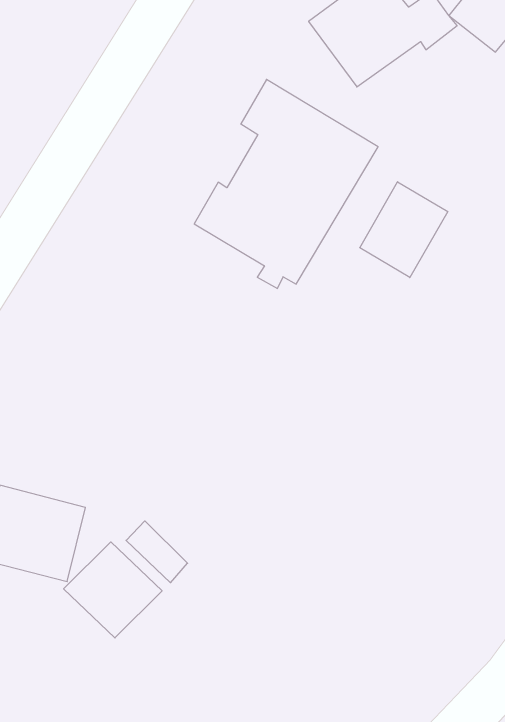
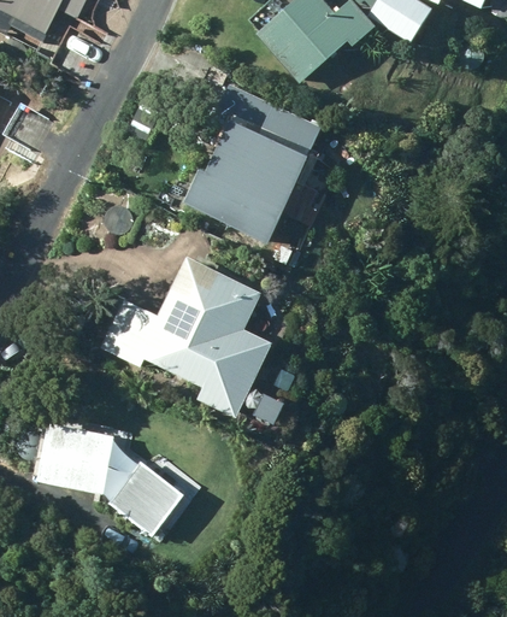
building: [360,182,448,278] -> none
building: none -> [100,255,271,417]

